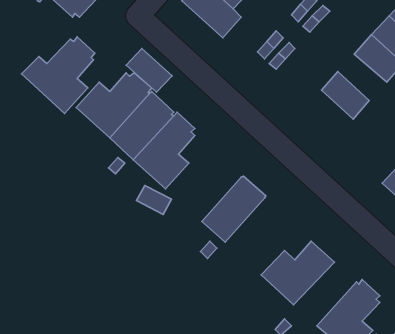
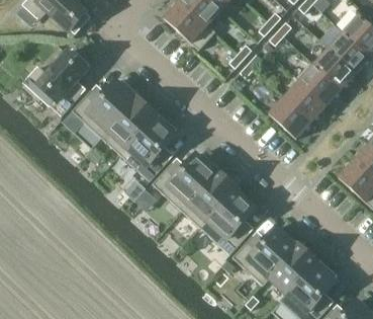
building: [126,49,172,92] -> none
building: none -> [299,64,342,104]
building: none -> [269,95,312,138]
building: none -> [153,153,217,210]
building: none -> [201,189,255,254]
building: none -> [261,243,317,301]

